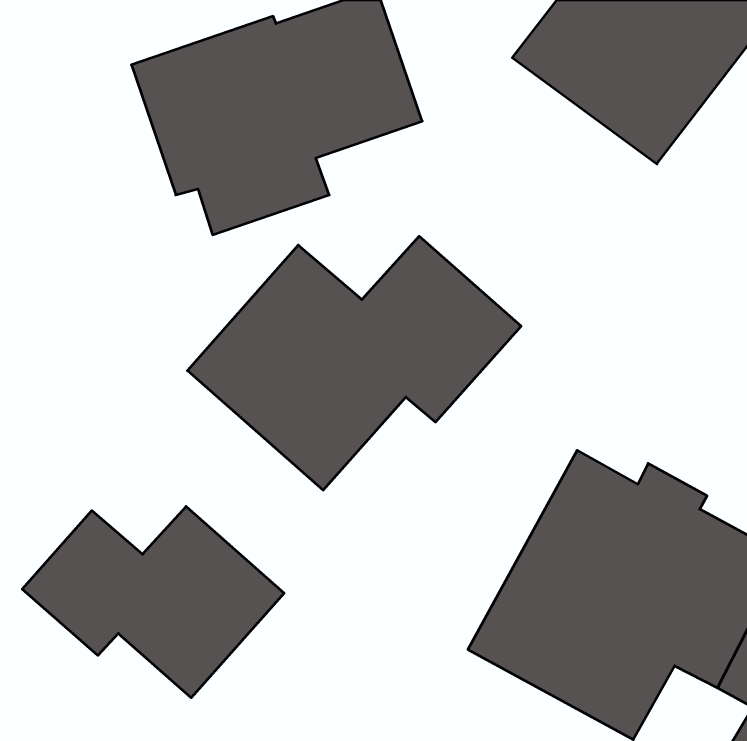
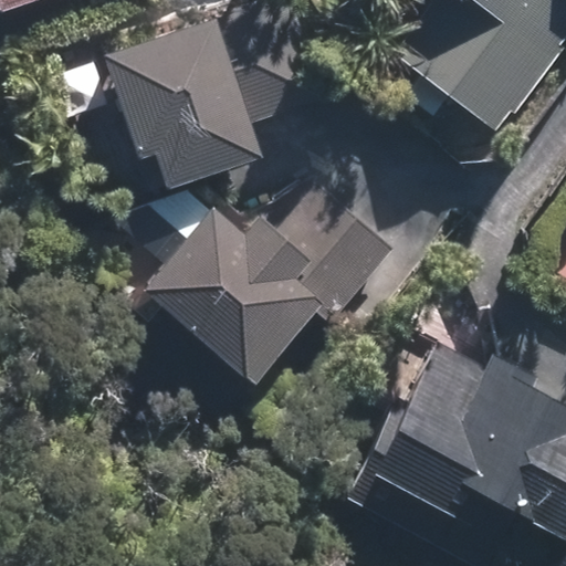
building: [22,506,284,698] -> none

